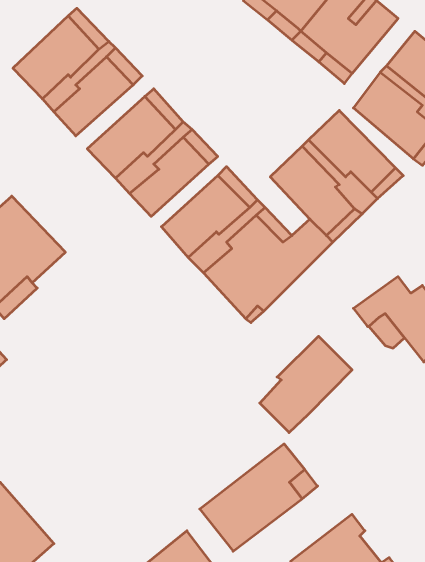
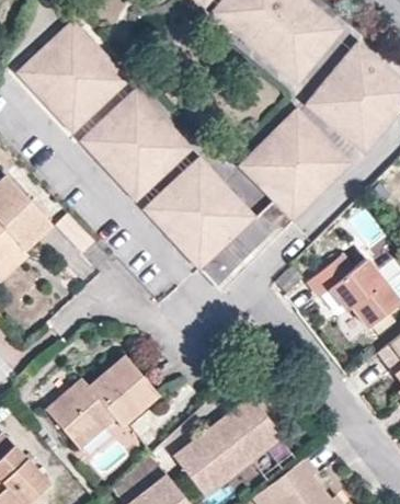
building: [260,336,352,433] -> none
building: none -> [46,352,160,445]

